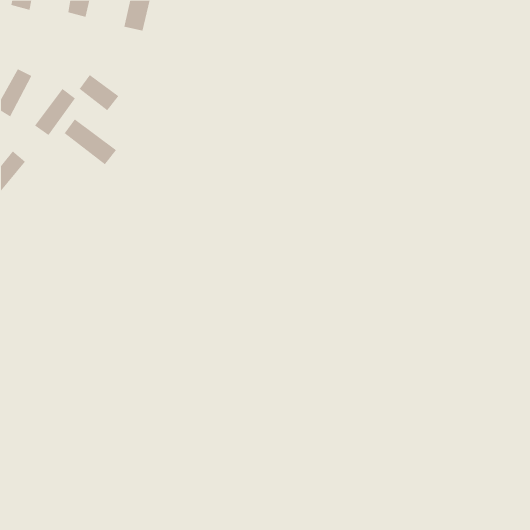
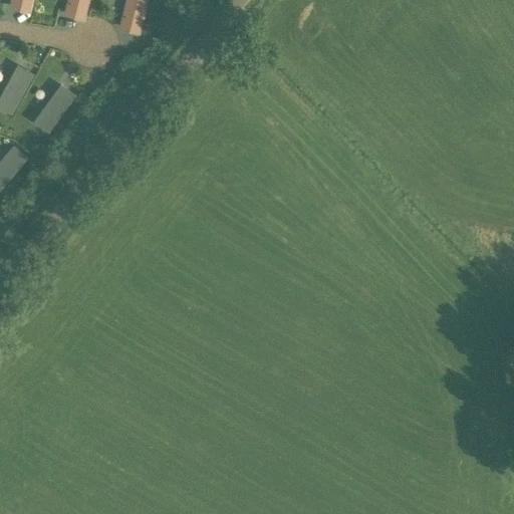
building: [79,74,119,111] -> none
building: [64,118,117,165] -> none

